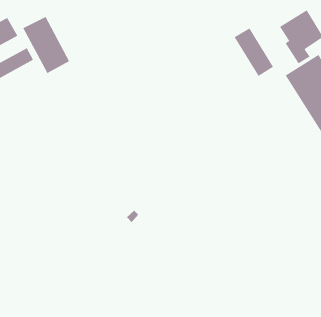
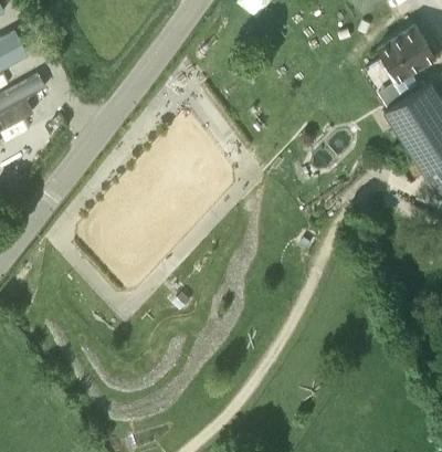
building: [22,16,70,74] -> none
building: [234,28,274,77] -> none

